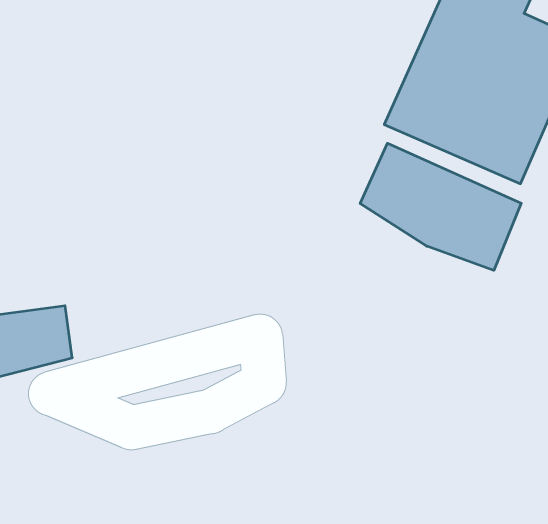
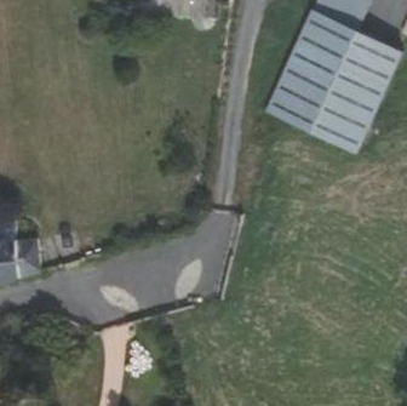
building: [360,143,521,270] -> none

